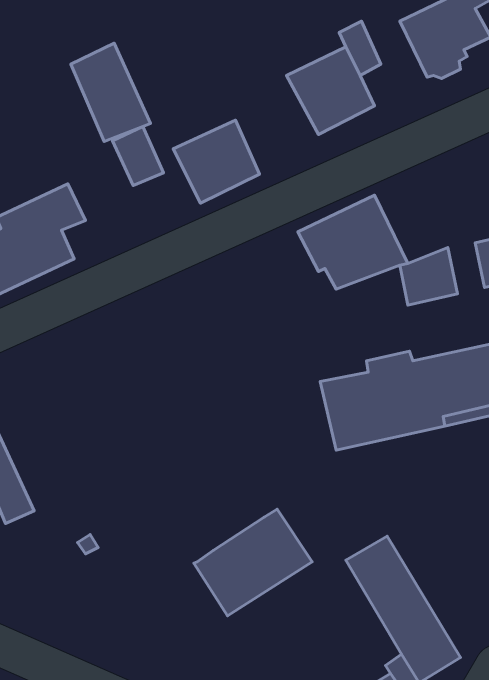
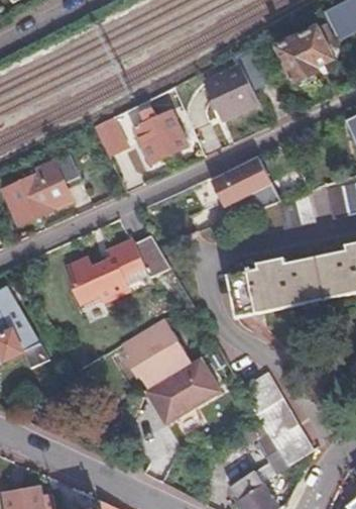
building: [71,43,150,142] -> none
building: none -> [71,236,166,311]
building: none -> [120,319,190,390]

